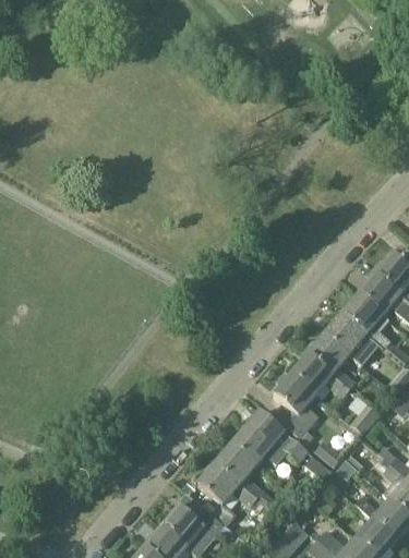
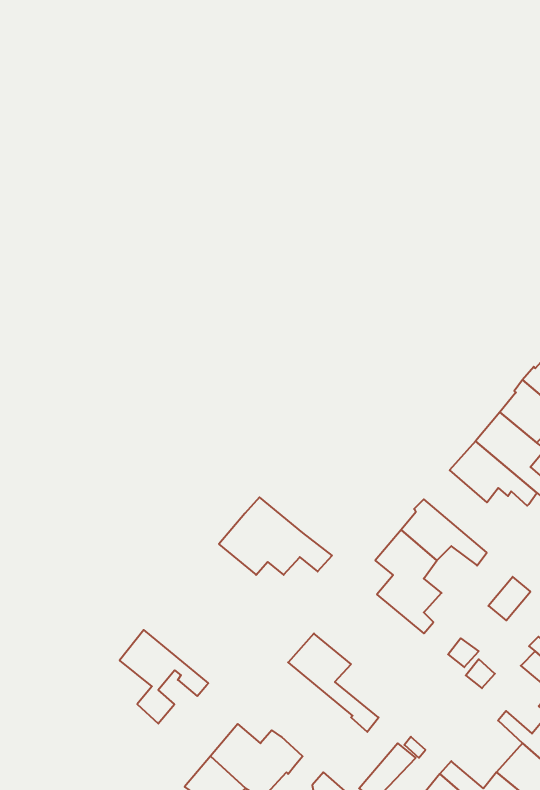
building: [306,332,356,388] -> none
building: [232,411,309,463] -> [219,497,332,575]
building: [199,462,258,525] -> [120,630,208,724]

